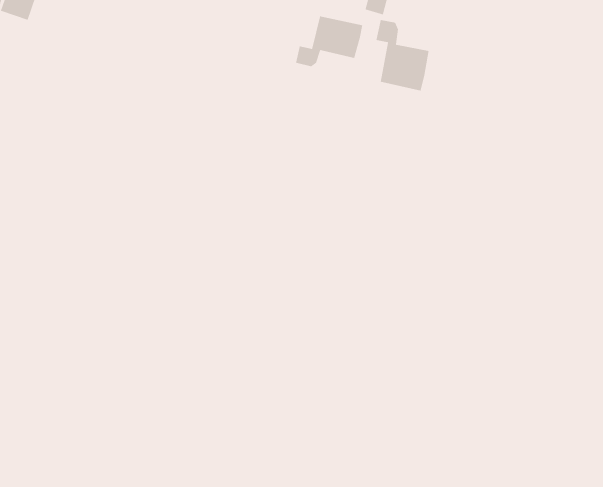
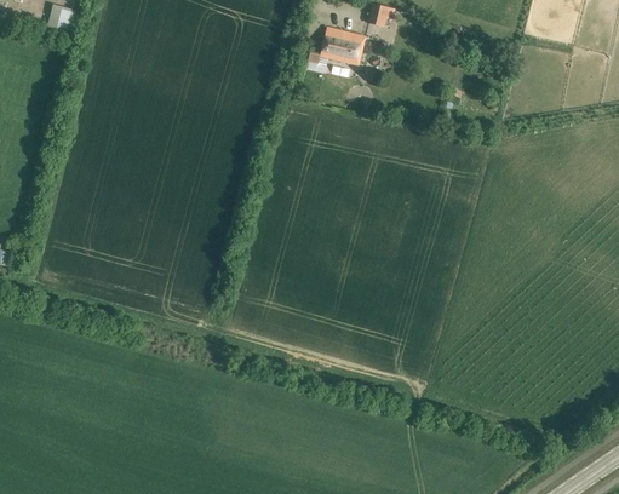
building: [376,19,430,91] -> none

